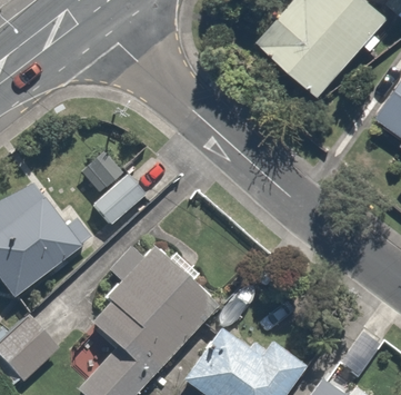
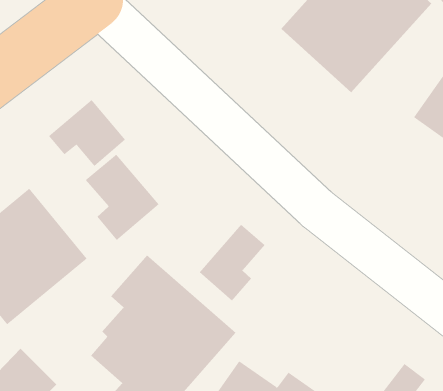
building: none -> [48,99,126,167]
building: none -> [199,224,266,301]

